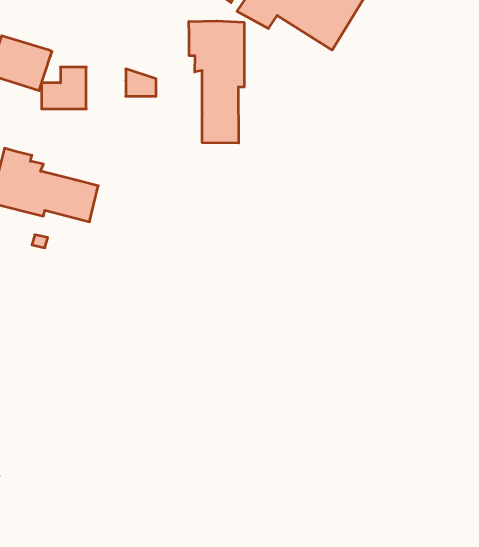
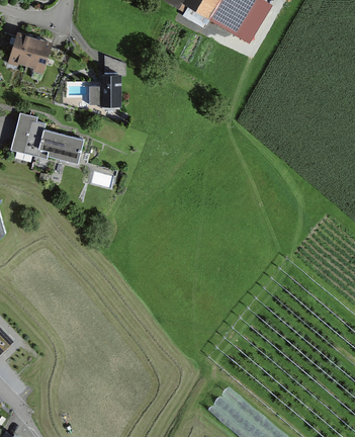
building: [189,21,244,143] -> none
building: [42,67,86,109] -> [89,76,120,105]

